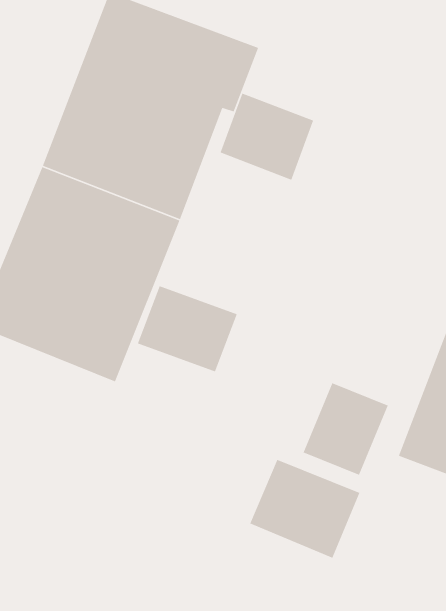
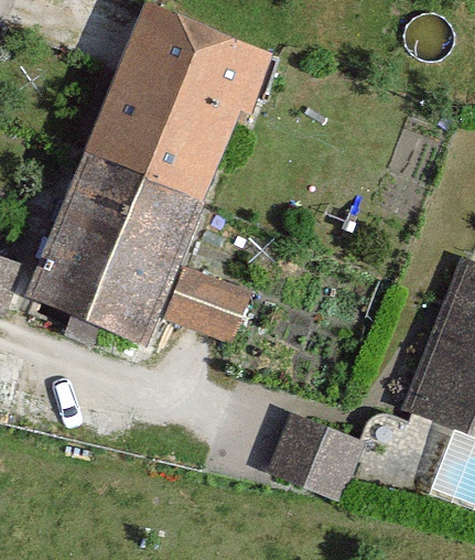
building: [220,92,314,181] -> none
building: [302,382,389,476] -> none

